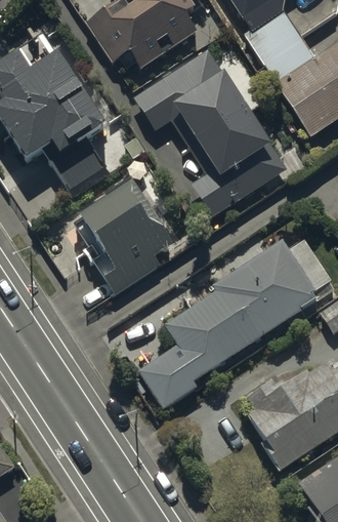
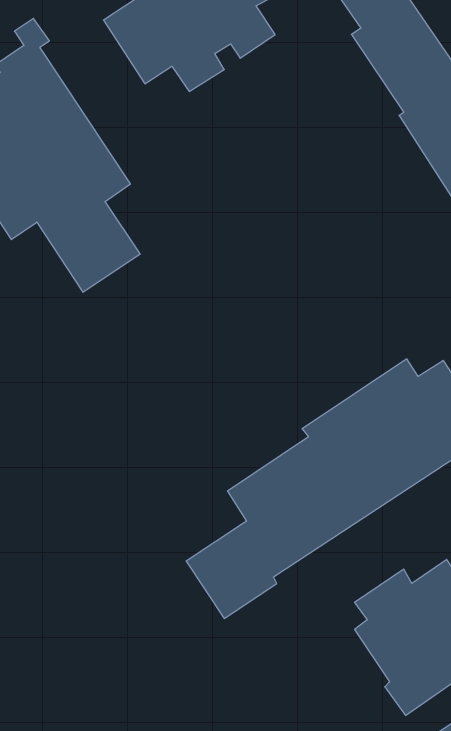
building: [134,50,288,216] -> none
building: [71,180,173,294] -> none

